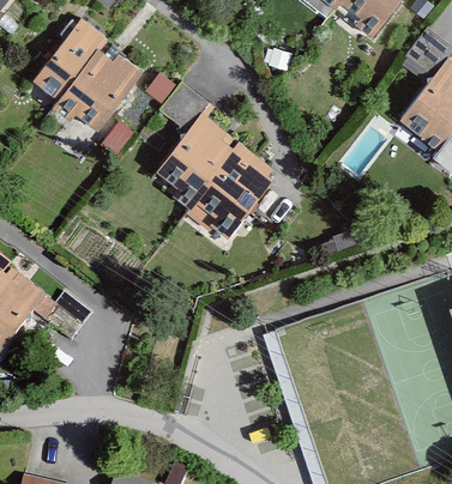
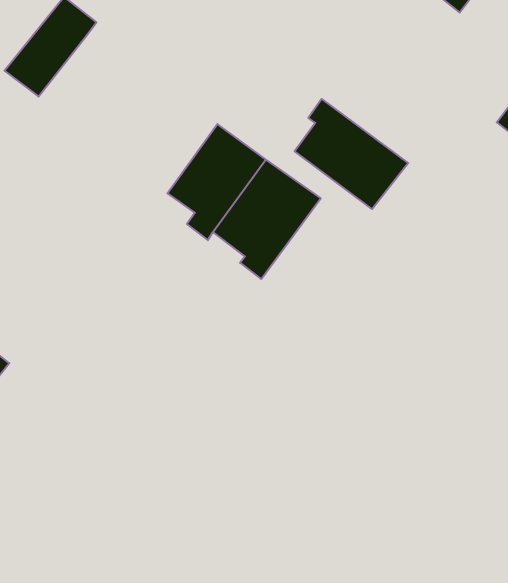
building: [59,54,138,128] -> none
building: none -> [295,99,408,209]

